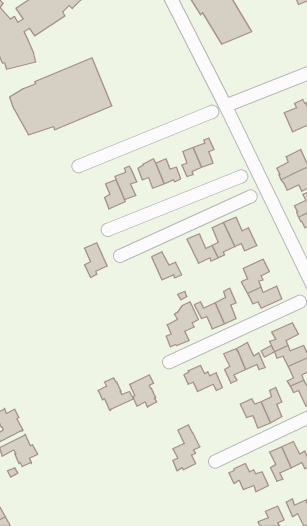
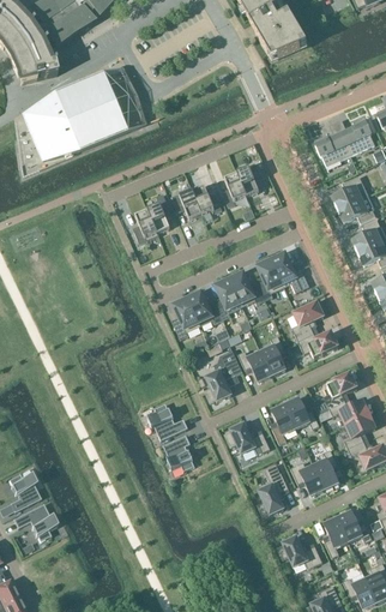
building: none -> [314,133,350,166]
building: none -> [216,278,242,319]
building: [84,243,107,277] -> [174,299,200,338]
building: [98,378,134,410] -> [147,403,188,440]
building: [173,425,200,471] -> [258,463,289,516]

